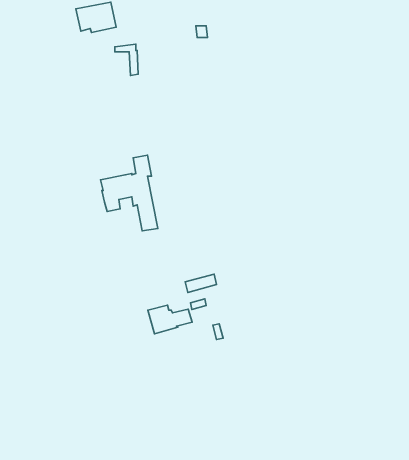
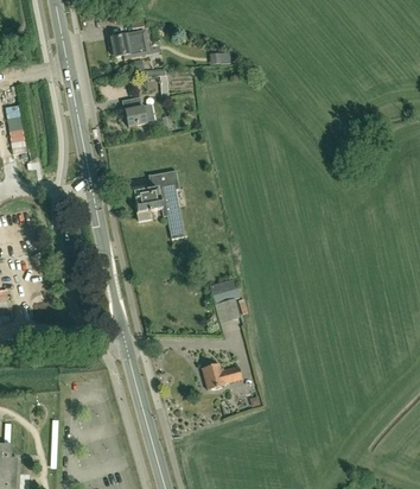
building: none -> [126,97,154,127]
building: [148,305,192,334] -> [202,363,242,389]

